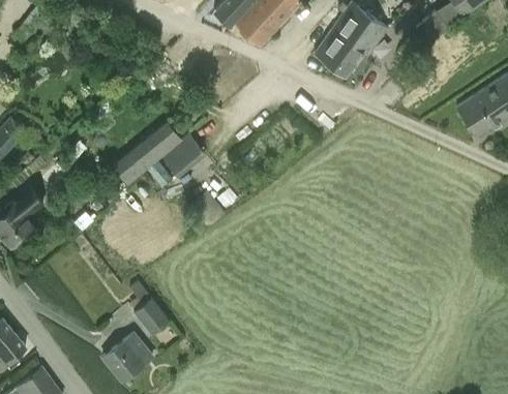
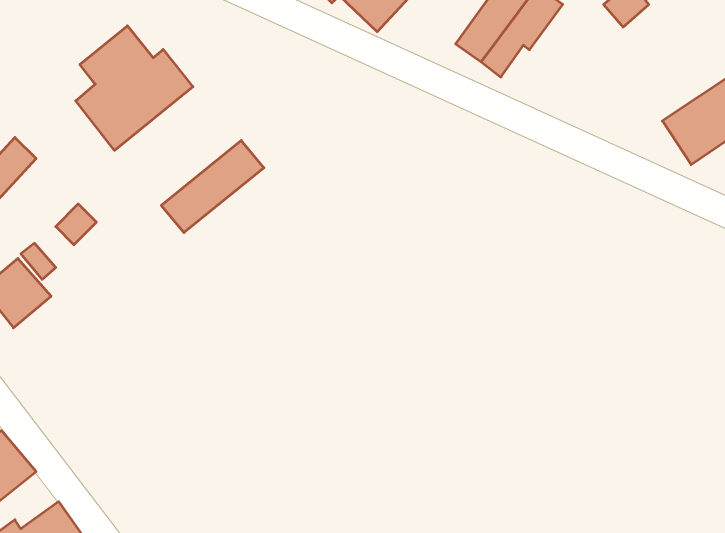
building: none -> [76,26,193,150]
building: [161,137,205,178] -> none
building: [130,283,170,337] -> none
building: [102,335,151,383] -> none

